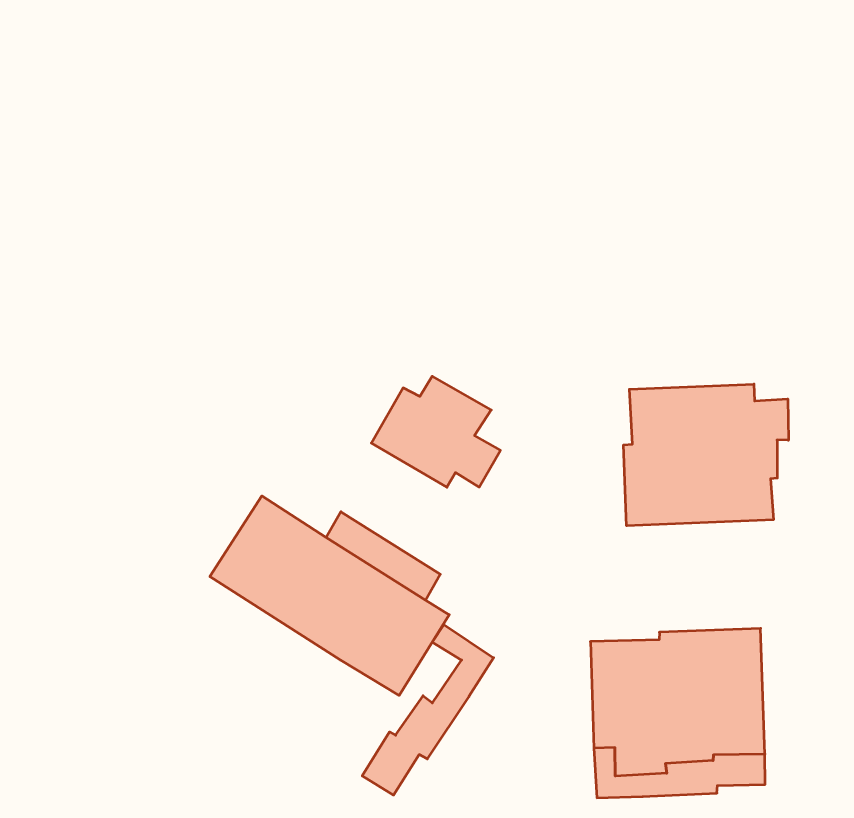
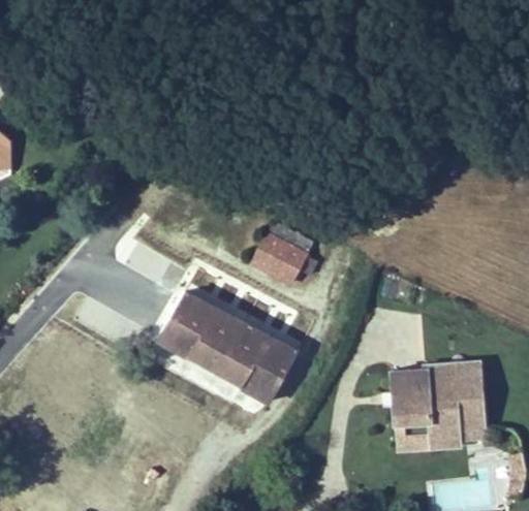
building: [624,384,788,526] -> none
building: [362,624,494,795] -> none

